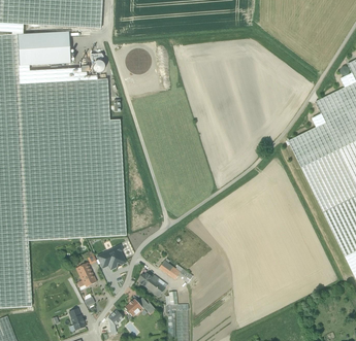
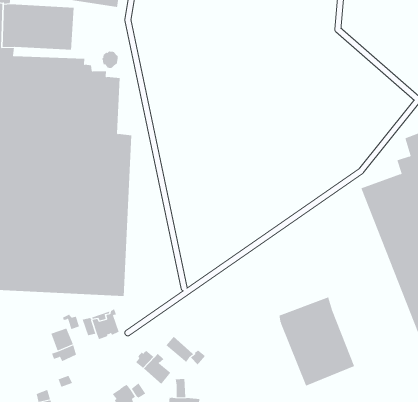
building: none -> [279,297,355,386]

